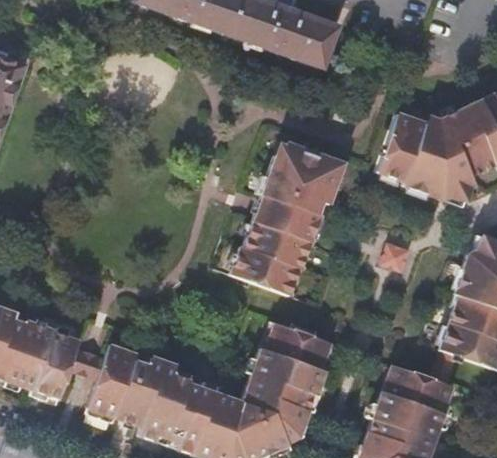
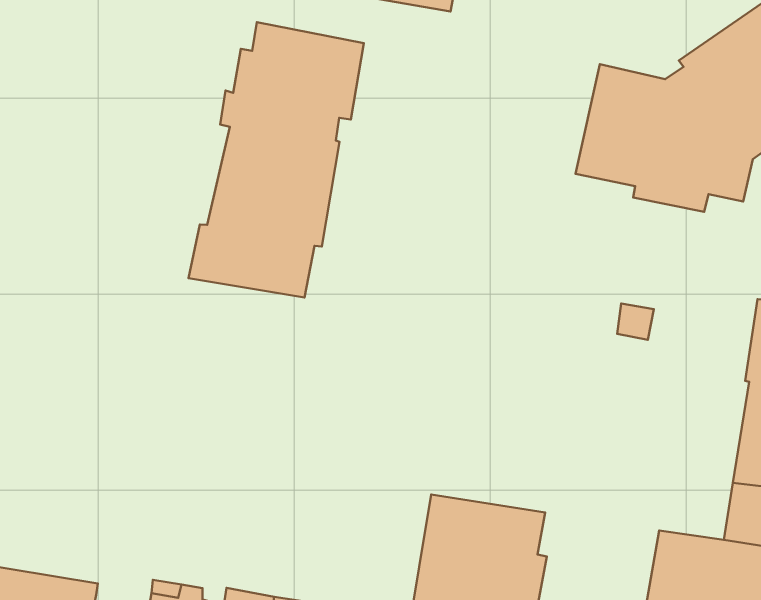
building: [230,138,346,291] -> [188,22,364,298]

